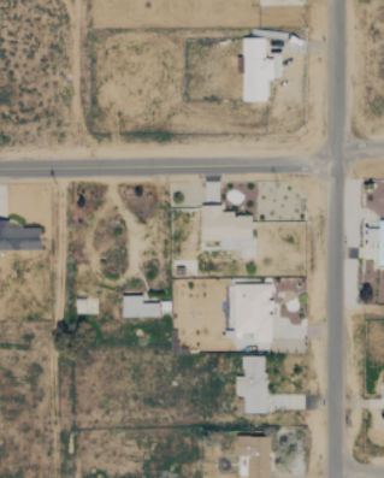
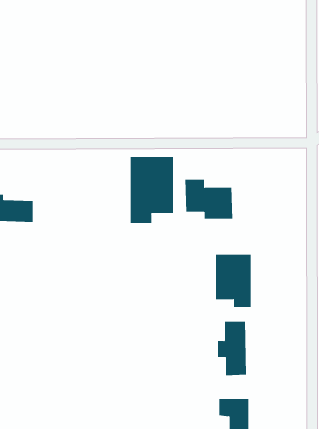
building: [243,39,274,101] -> none
building: none -> [130,156,173,224]
building: [123,297,160,318] -> none

